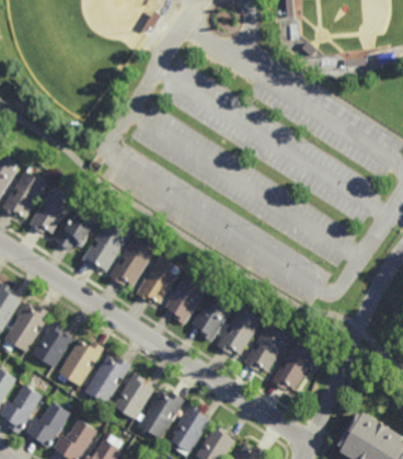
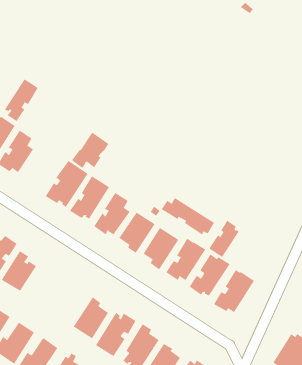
building: none -> [4,79,39,122]
building: [55,209,97,251] -> [71,132,109,169]
building: none -> [161,197,215,235]
building: none -> [208,220,239,258]
building: [57,341,104,388] -> none
building: [84,356,131,406] -> none

